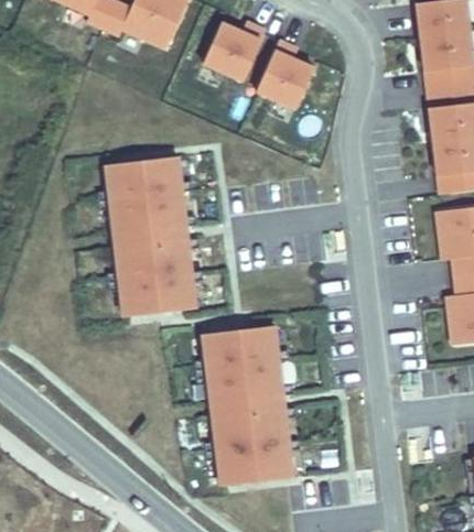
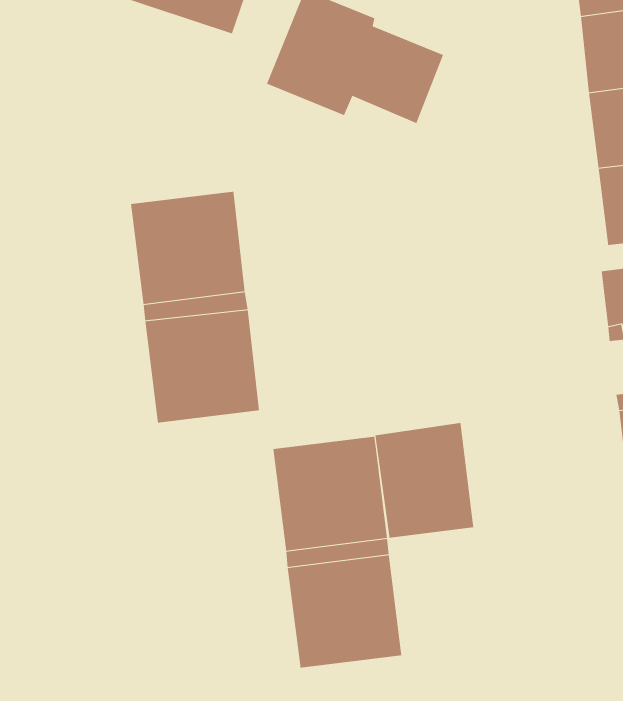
building: none -> [375,422,474,538]

